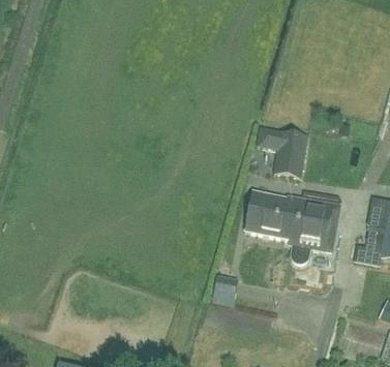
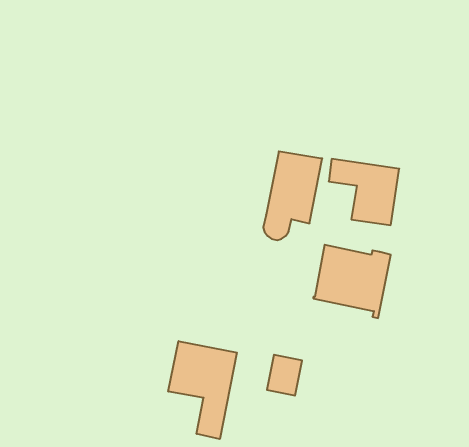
building: [291,196,334,262] -> [263,151,322,240]
building: none -> [168,341,237,439]

